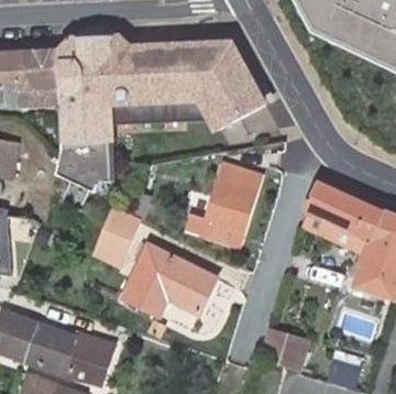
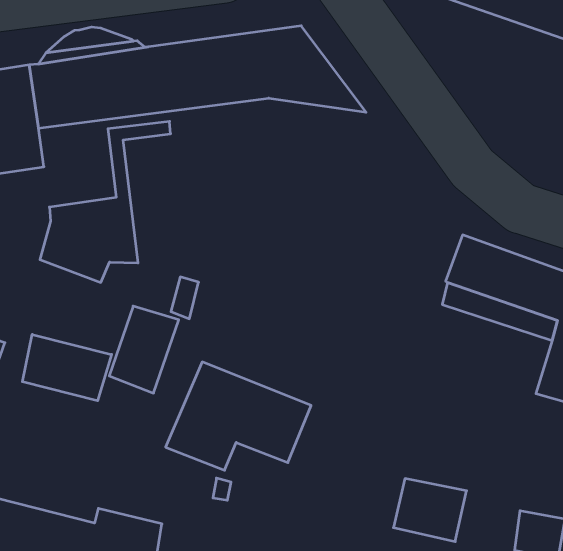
building: [62,86,265,141] -> none
building: [187,164,261,244] -> none
building: none -> [22,334,112,401]

